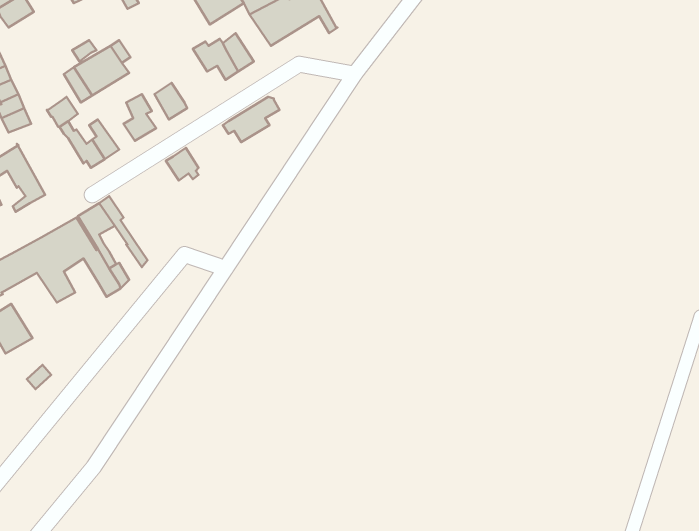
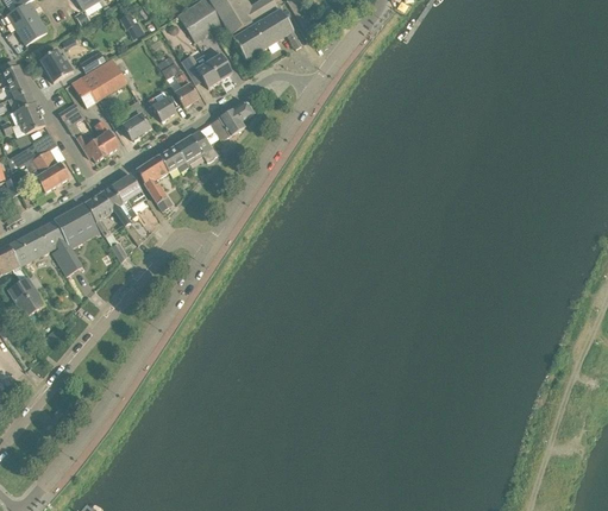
building: none -> [39,49,73,82]
building: none -> [157,55,199,107]
building: none -> [175,126,218,162]
building: none -> [33,132,69,184]
building: none -> [136,154,173,210]
building: none -> [111,174,146,207]

